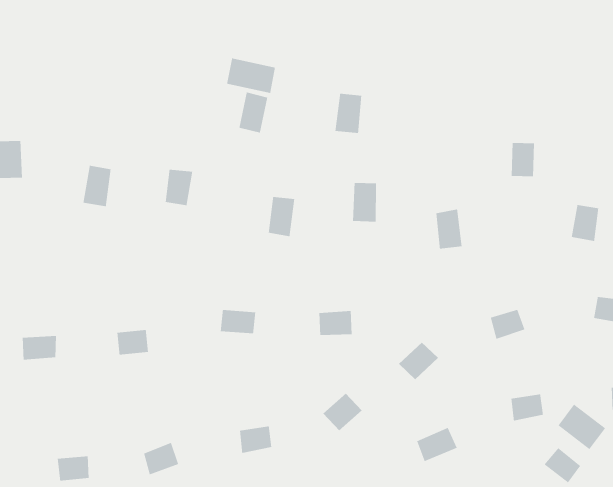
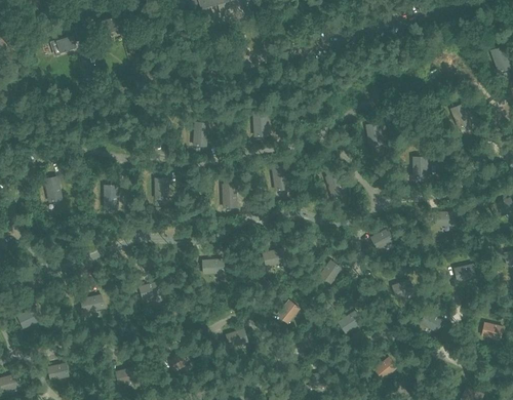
building: [226,58,276,94] -> none
building: [557,403,606,450] -> none

